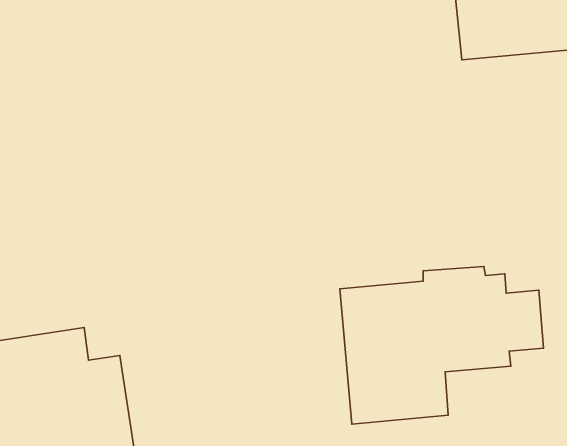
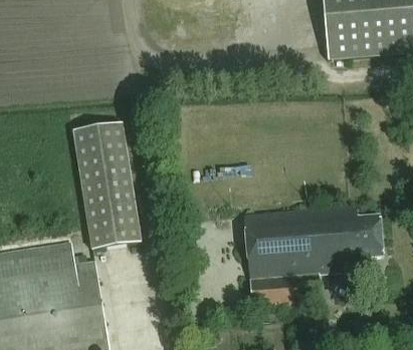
building: none -> [72,121,142,248]

